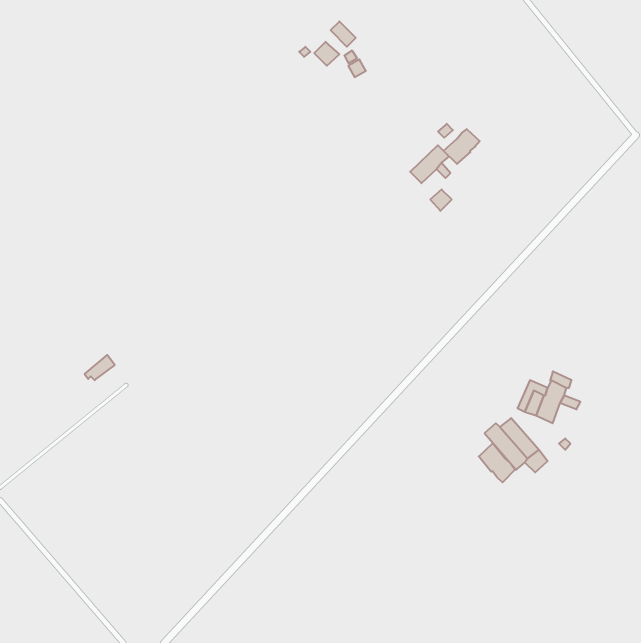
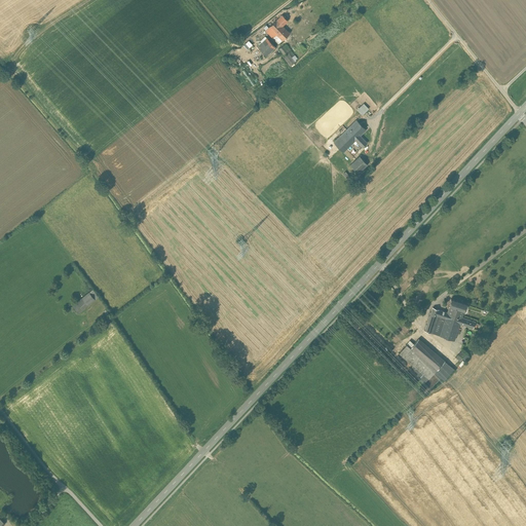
building: [443,129,480,164] -> none
building: [479,443,515,482] -> none

